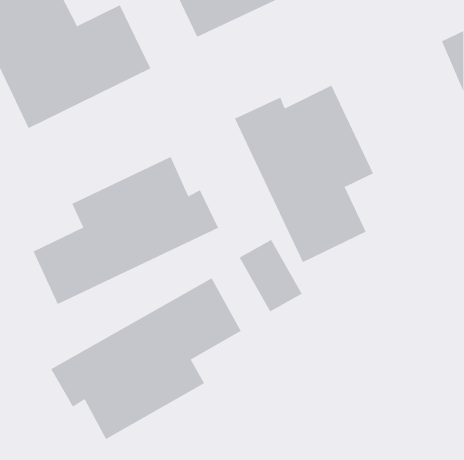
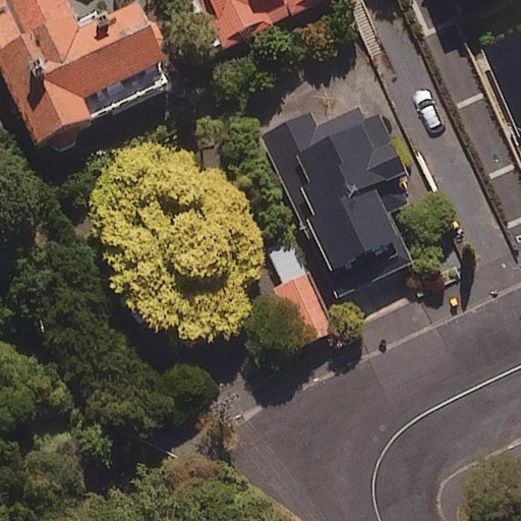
building: [33,156,219,305] -> none
building: [51,277,241,440] -> none

